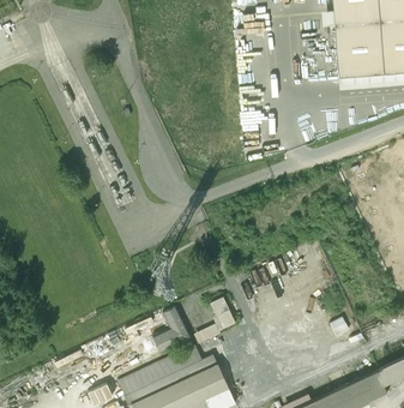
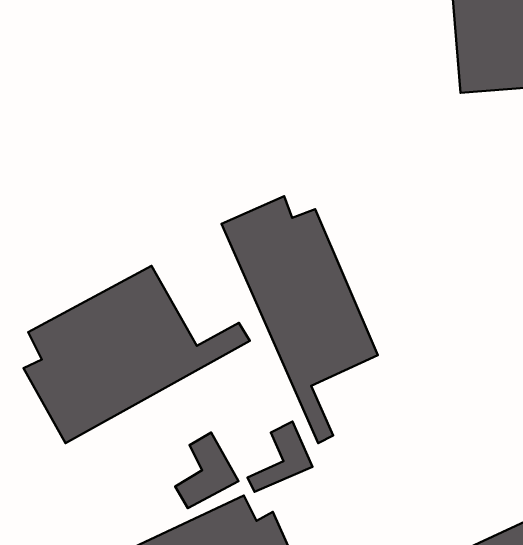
building: none -> [222,196,378,443]
building: none -> [23,266,250,443]

